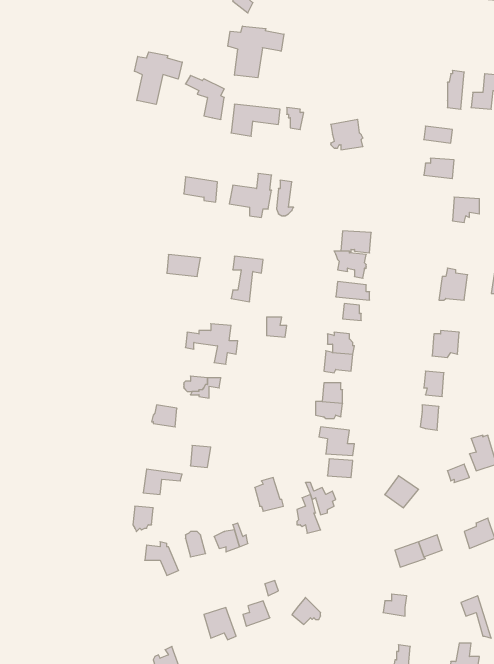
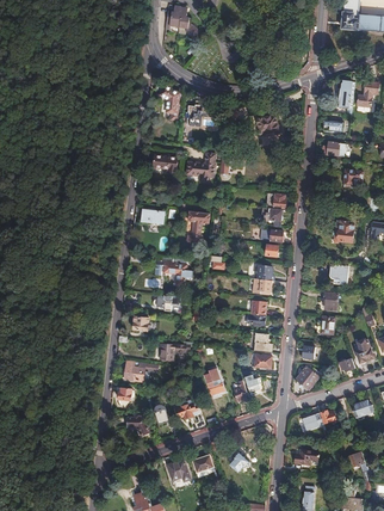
building: [228,26,284,78] -> none
building: [134,52,182,104] -> none

